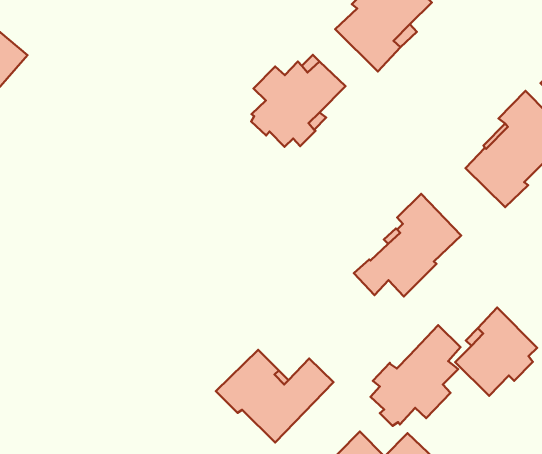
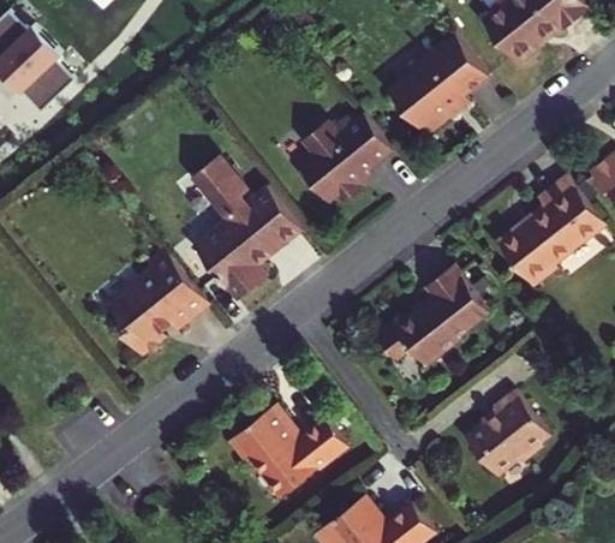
building: none -> [187,154,299,299]
building: none -> [106,251,207,360]
building: [370,325,461,426] -> none

